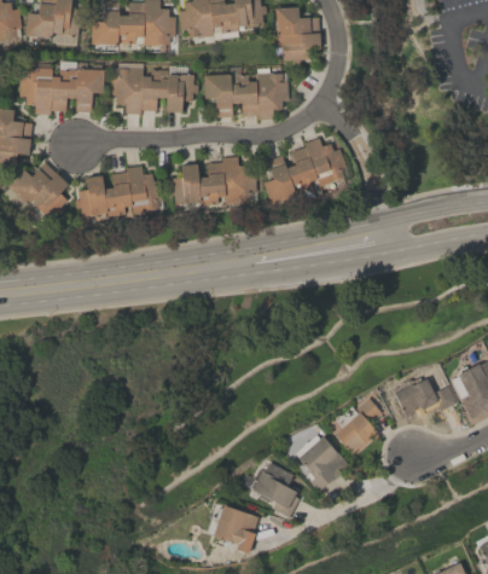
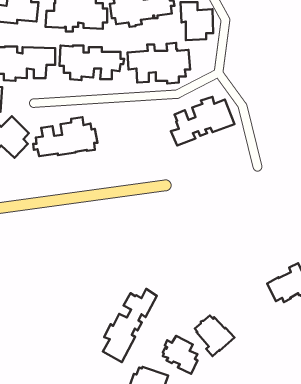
building: [172,156,256,205] -> none
building: [333,398,380,456] -> none
building: none -> [103,289,157,362]

